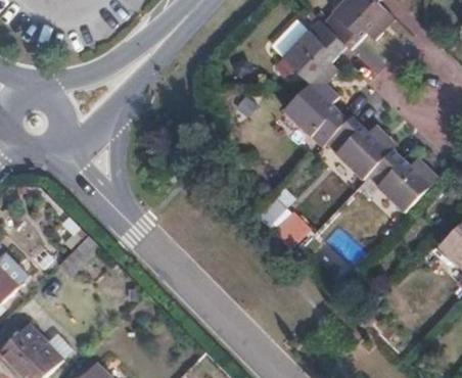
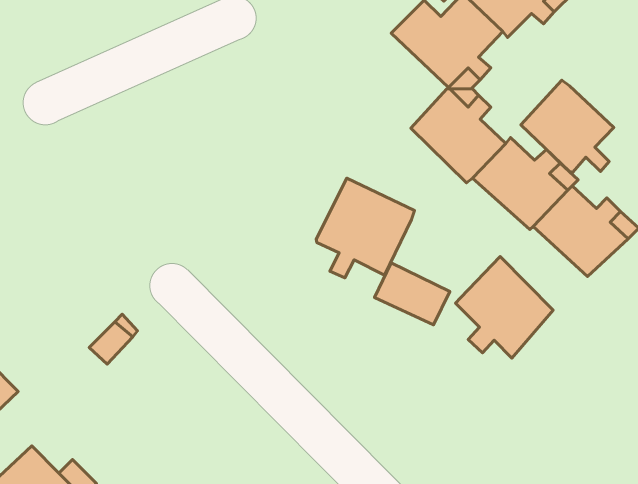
building: none -> [521,80,614,172]
building: none -> [316,178,415,278]
building: none -> [455,256,553,358]

